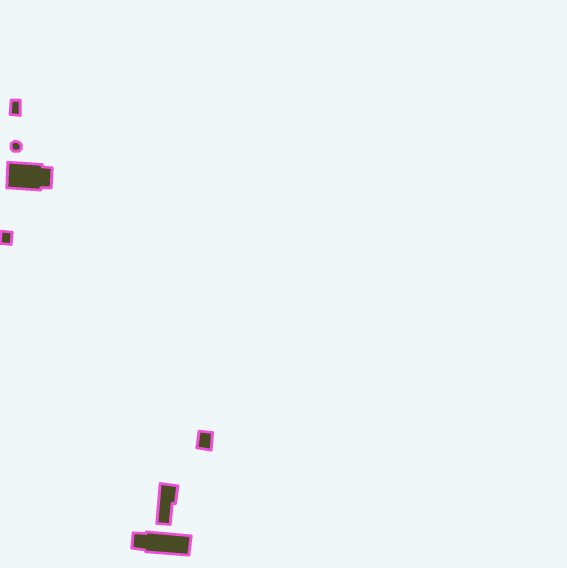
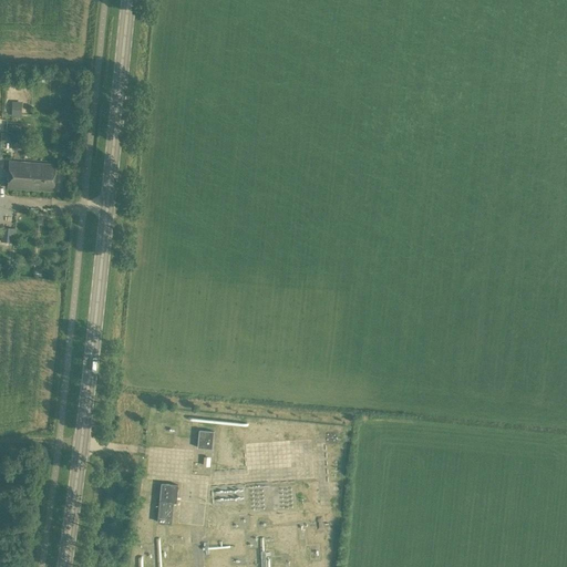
building: [132,532,191,555] -> none

